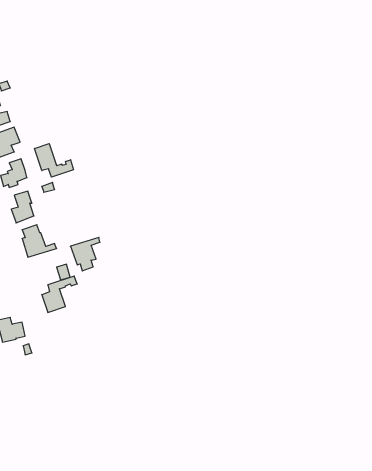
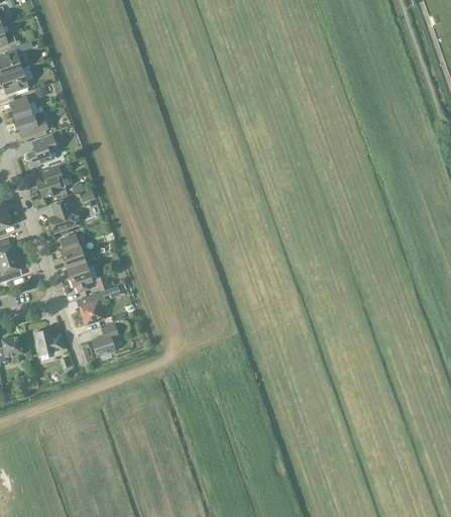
building: [35,144,74,177] -> none
building: [70,237,100,271] -> [66,258,96,293]
building: none -> [91,324,118,355]

